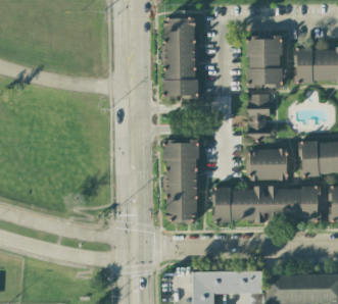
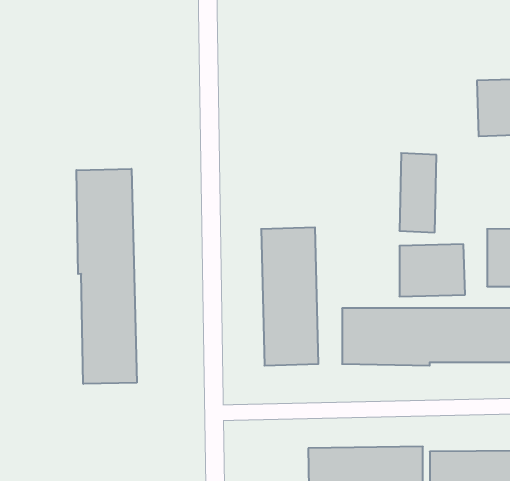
building: [162,18,196,98] -> none
building: [247,37,282,88] -> none
building: none -> [76,169,137,384]

